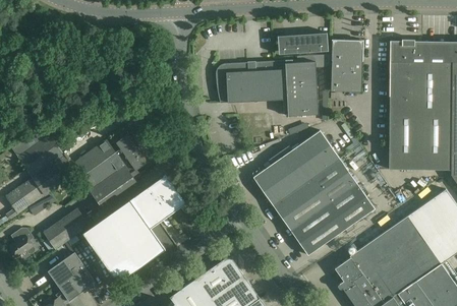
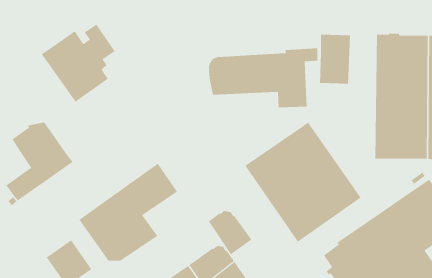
building: [277,33,328,54] -> none
building: [70,132,148,213] -> [41,24,115,102]
building: [44,207,90,249] -> none
building: none -> [208,210,252,255]
building: [9,228,36,257] -> none

